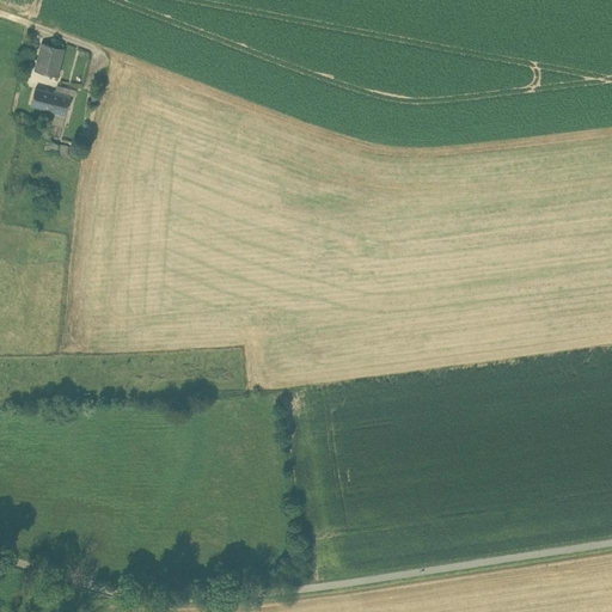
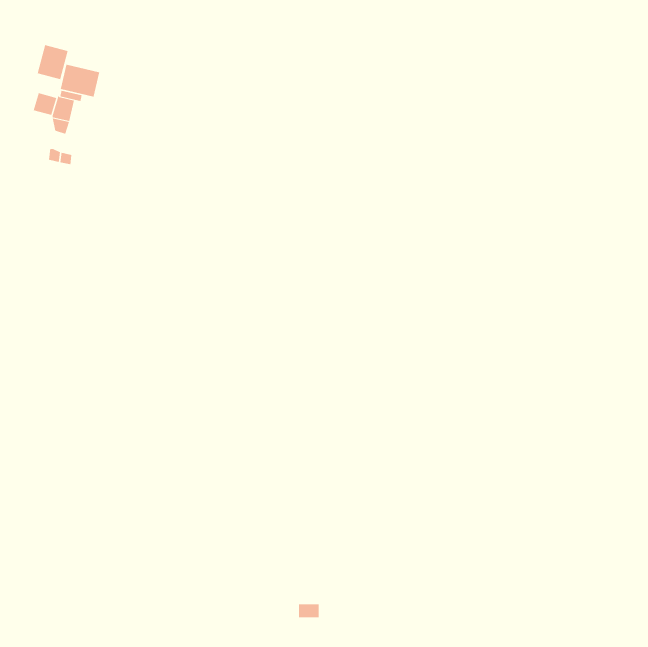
building: none -> [60,64,100,97]

